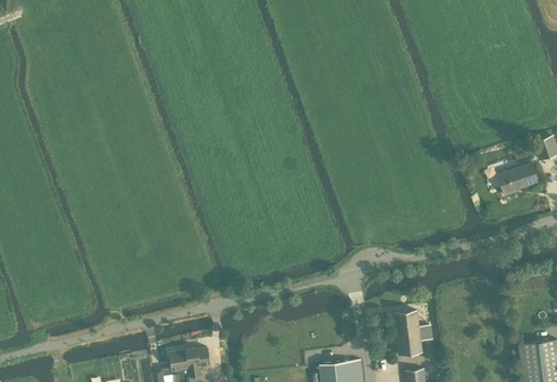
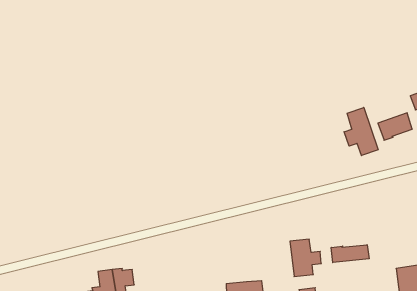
building: none -> [344,107,378,156]
building: none -> [331,245,369,263]

